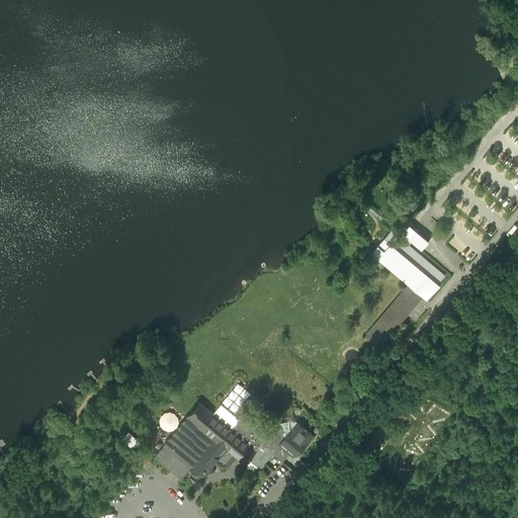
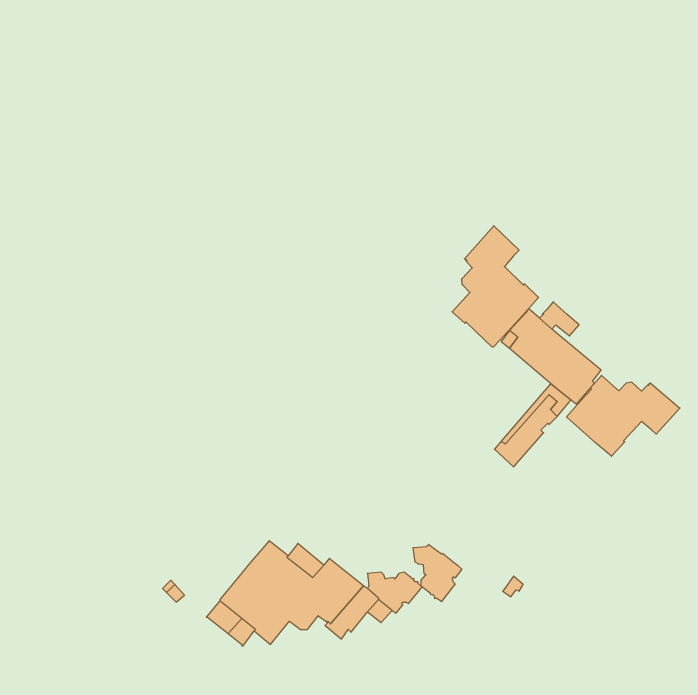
building: none -> [452,226,539,347]
building: none -> [567,375,680,456]
building: none -> [413,544,462,602]

